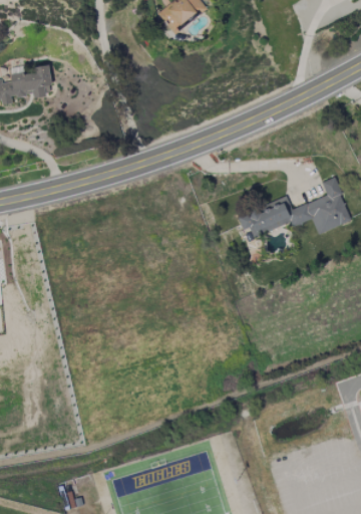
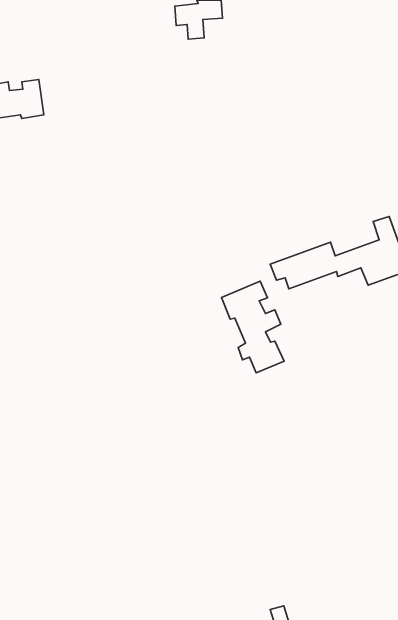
building: none -> [221,281,284,373]

